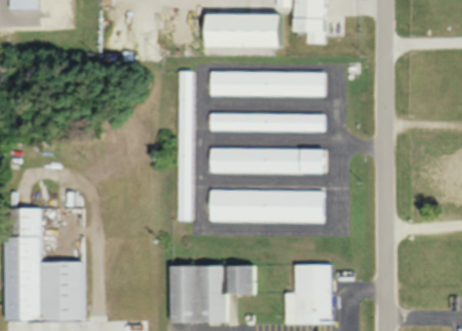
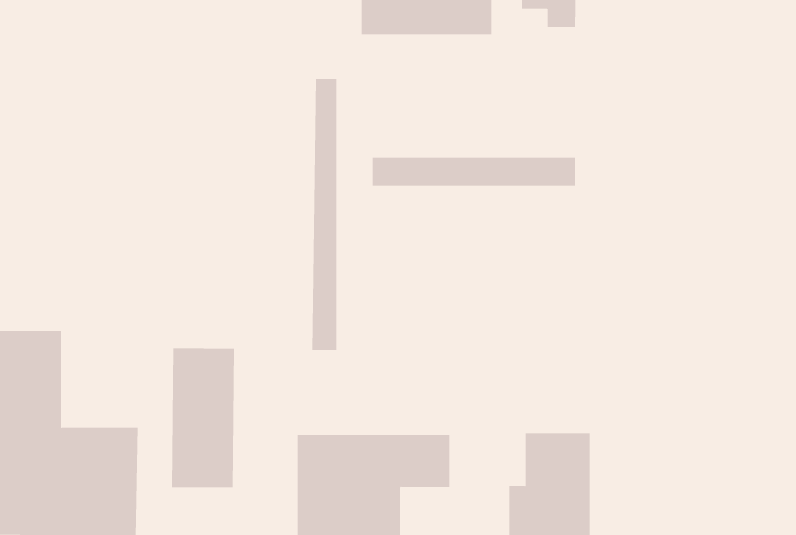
building: [211,71,325,95] -> none
building: [211,148,323,173] -> none
building: [210,190,324,223] -> none
building: none -> [172,347,234,488]

